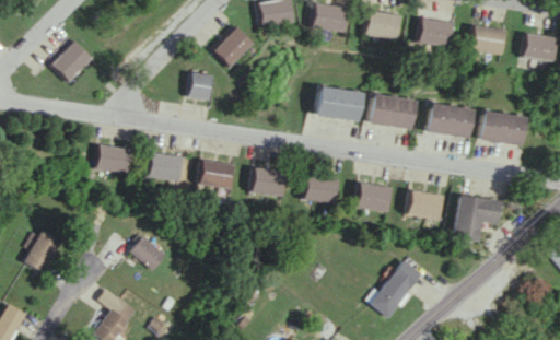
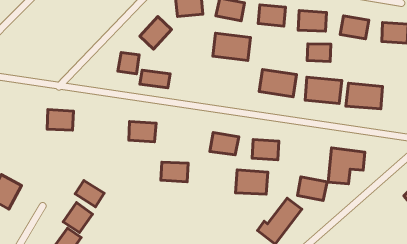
building: [50,42,91,82] -> none
building: none -> [307,44,331,61]
building: [313,86,361,121] -> [213,33,250,60]
building: none -> [140,70,170,88]
building: [144,152,182,181] -> none
building: [250,169,285,195] -> [161,162,188,182]
building: [406,189,444,220] -> [297,177,327,201]
building: none -> [236,170,268,194]
building: none -> [63,203,92,233]

